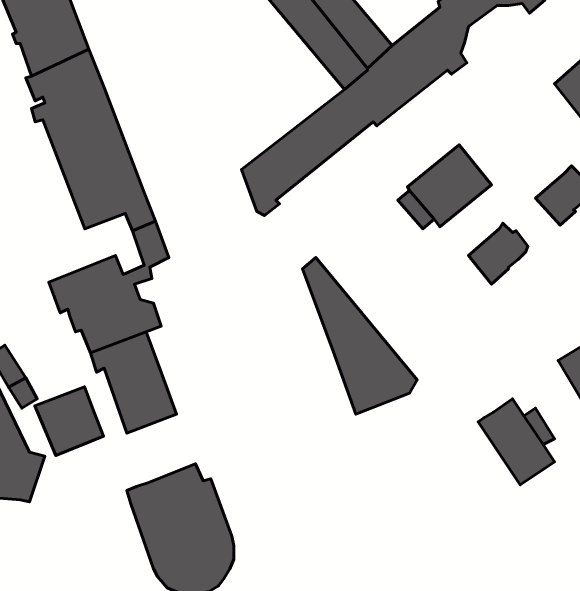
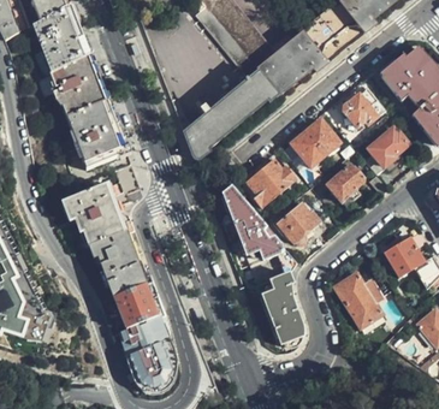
building: none -> [343,88,376,131]
building: none -> [245,156,295,204]
building: none -> [279,204,318,247]
building: [35,387,104,455] -> [112,284,155,327]
building: none -> [256,271,303,345]

